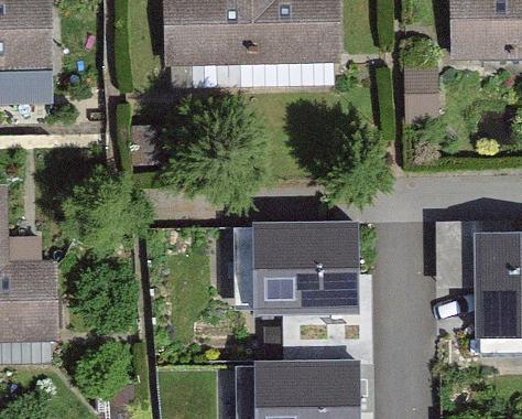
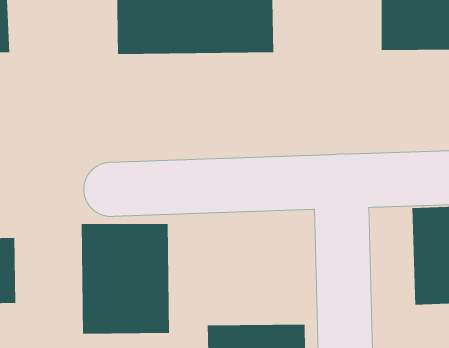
building: [255,221,363,314] -> none
building: none -> [81,223,170,334]

